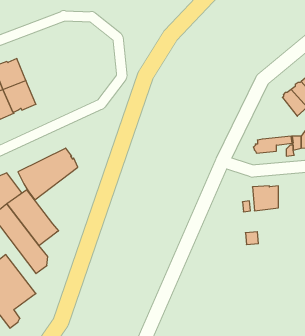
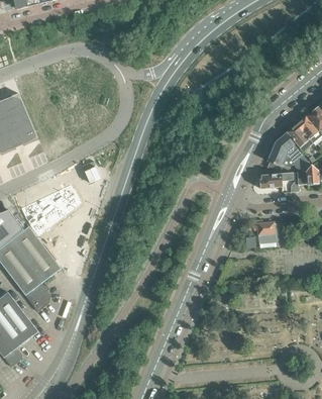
building: none -> [266,133,303,166]

